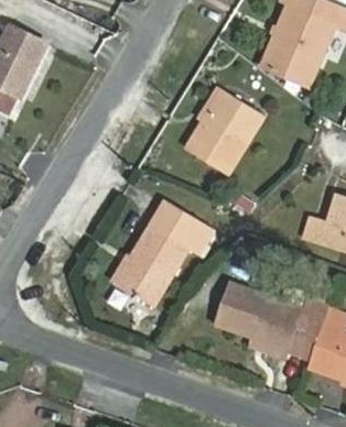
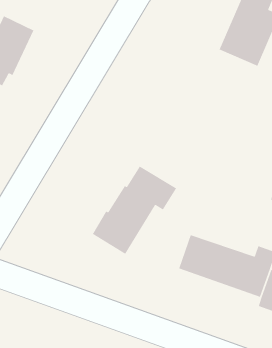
building: [186,89,262,174] -> none

